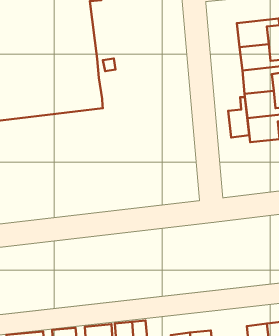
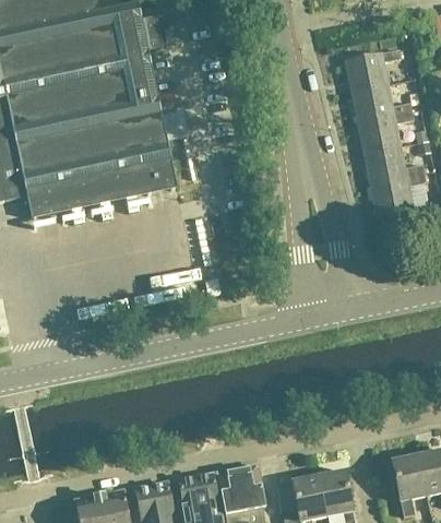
building: [228,97,249,137] -> none

